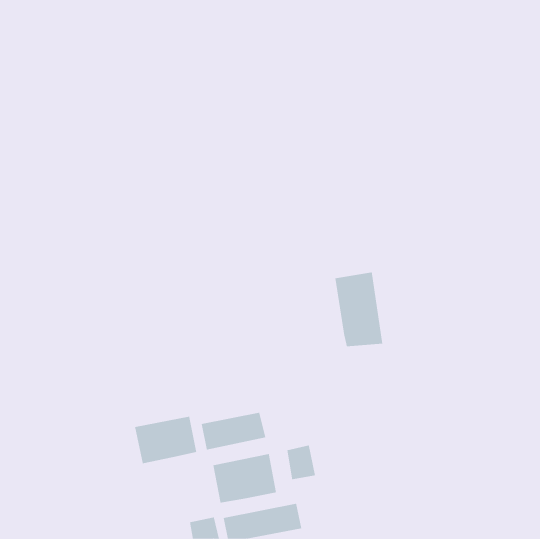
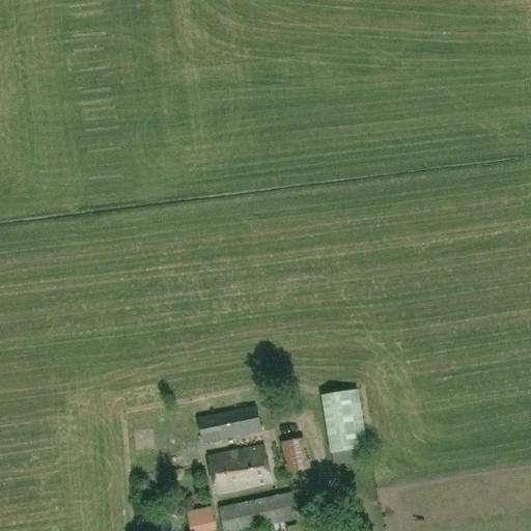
building: [334,272,383,347] -> [320,388,368,462]
building: [135,416,197,464] -> none

